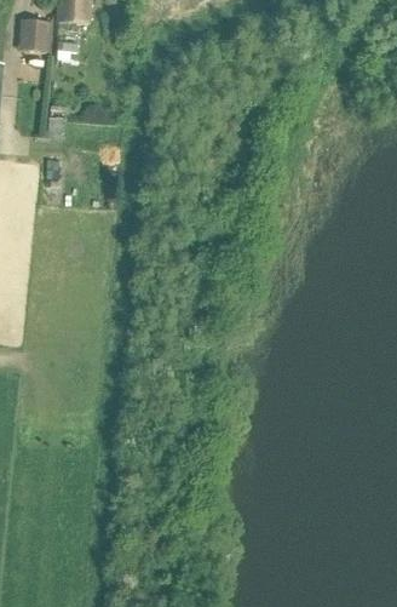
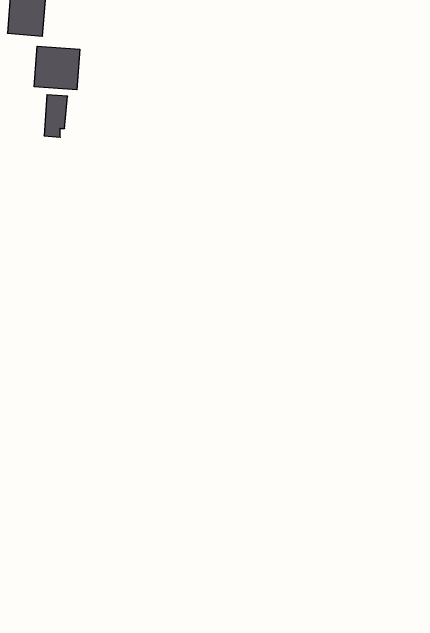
building: none -> [34,46,80,90]

